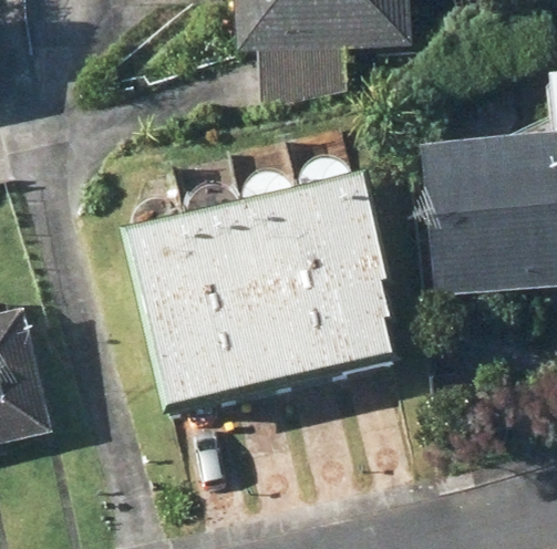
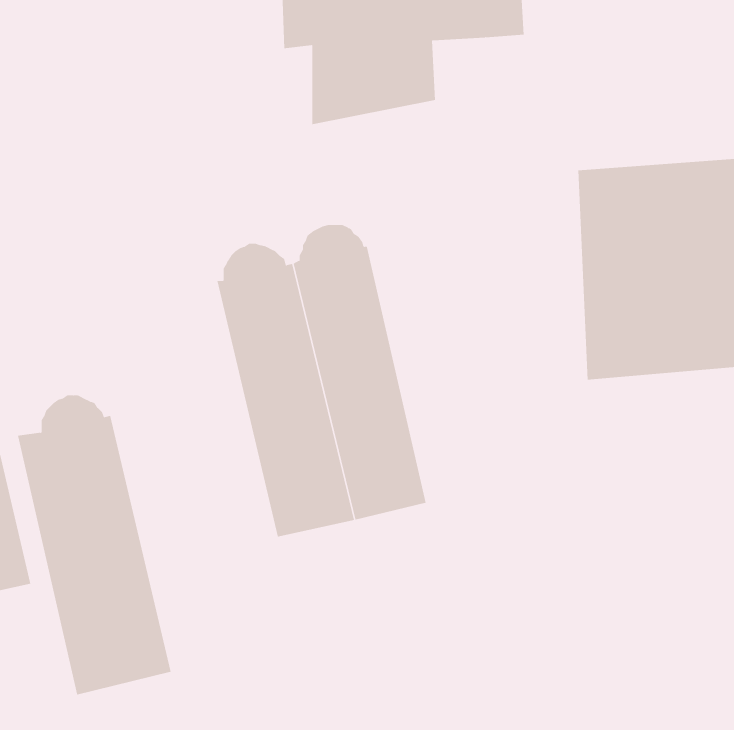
building: [293,158,391,373] -> none
building: [120,200,229,414] -> [17,395,171,695]

